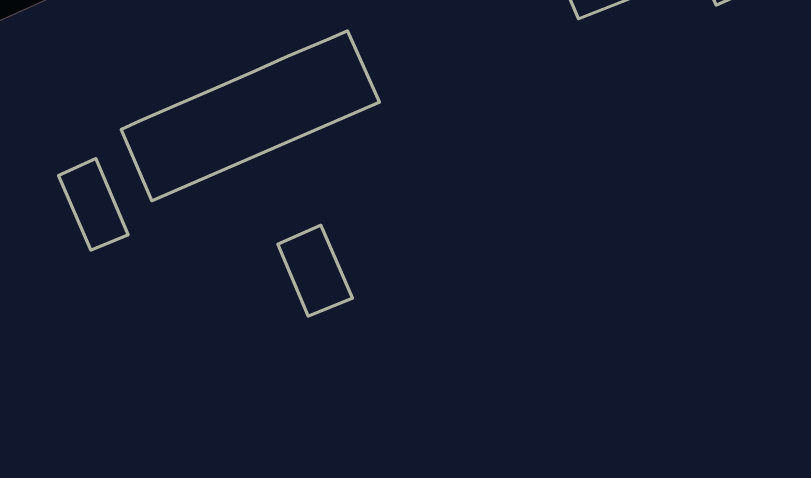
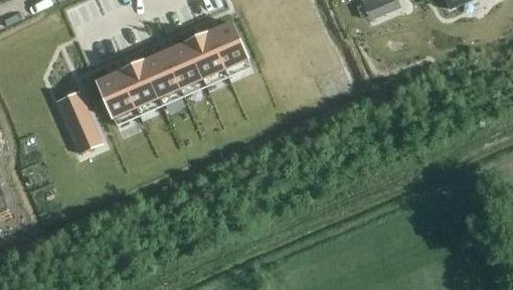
building: [278,225,352,316] -> none

